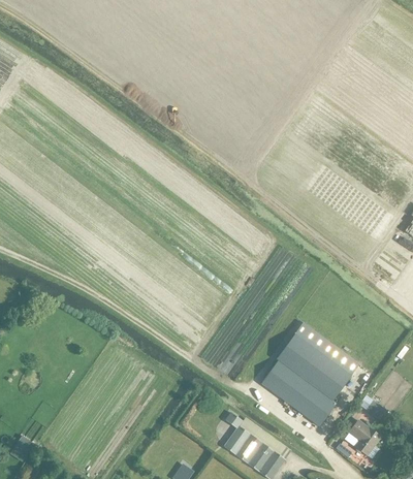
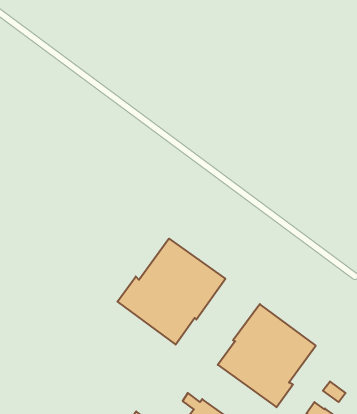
building: none -> [117,239,225,345]

